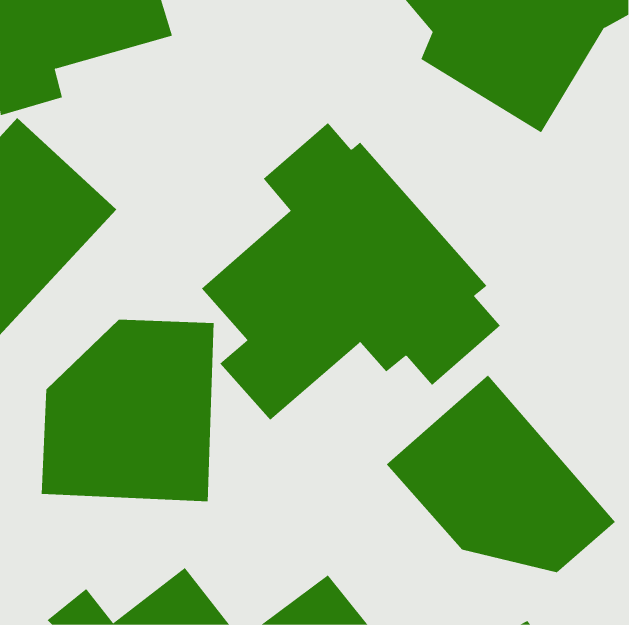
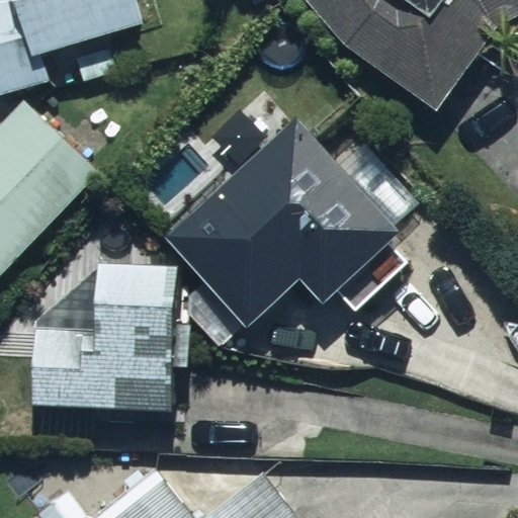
building: [386,375,616,573] -> none

